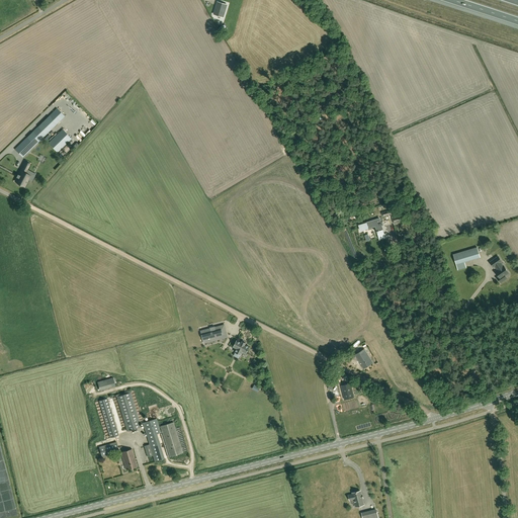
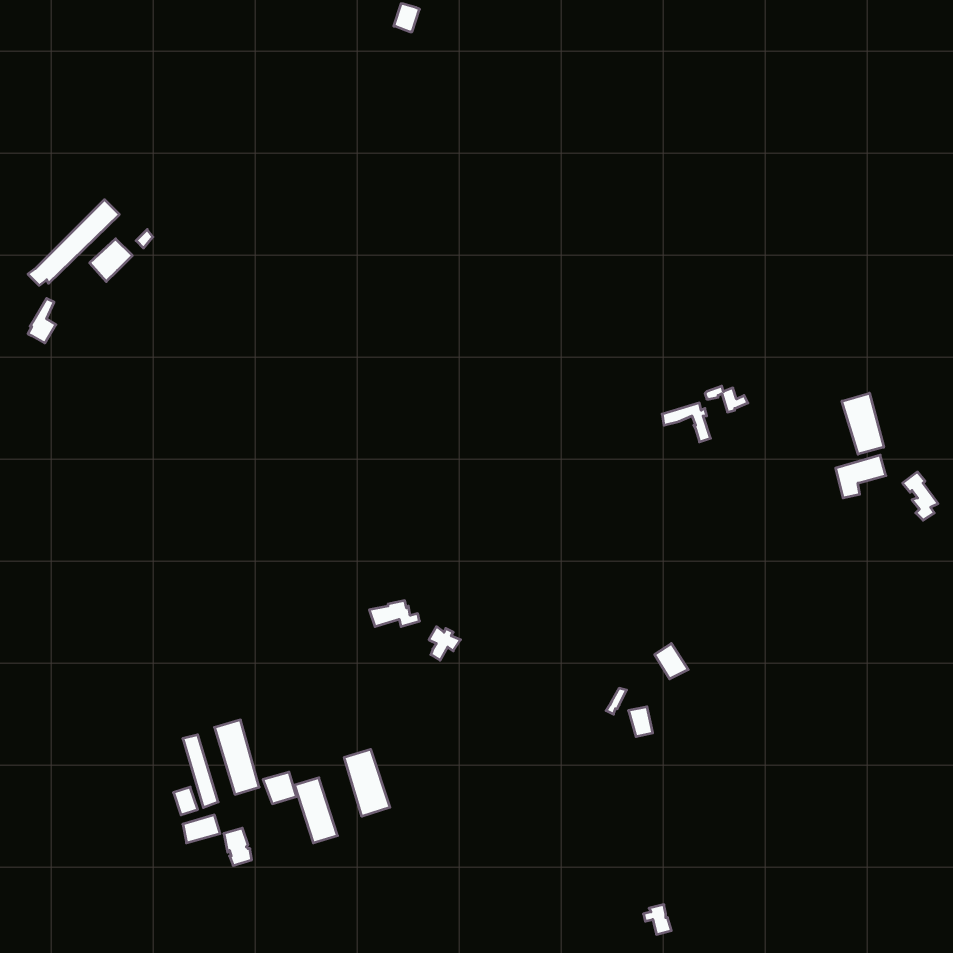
building: none -> [842,393,884,454]
building: none -> [344,749,390,816]

